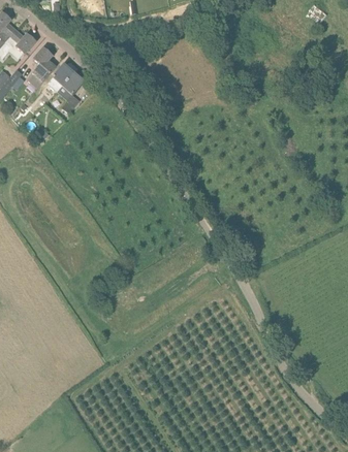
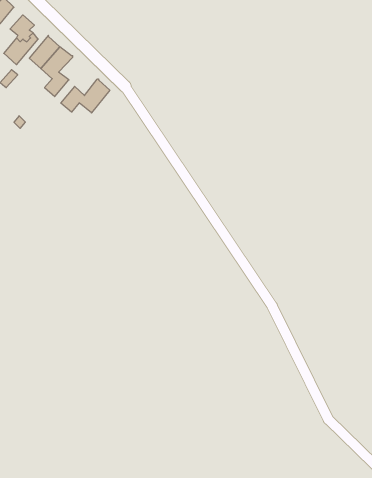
building: none -> [61,79,110,113]

